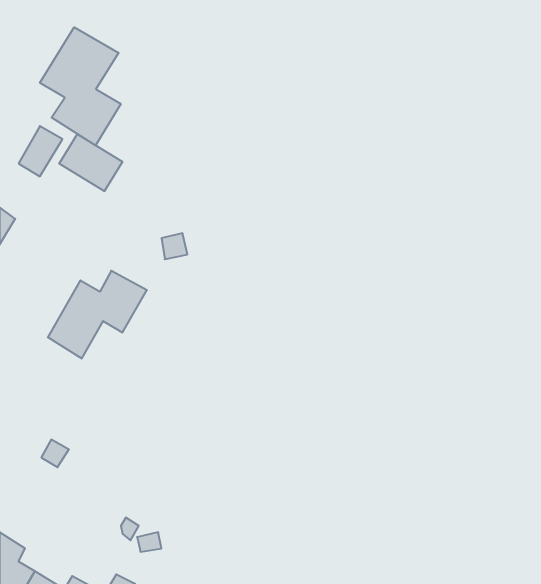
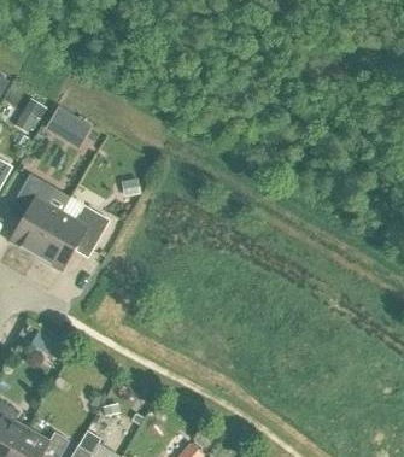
building: [40,27,121,145] -> none
building: none -> [11,175,60,256]

